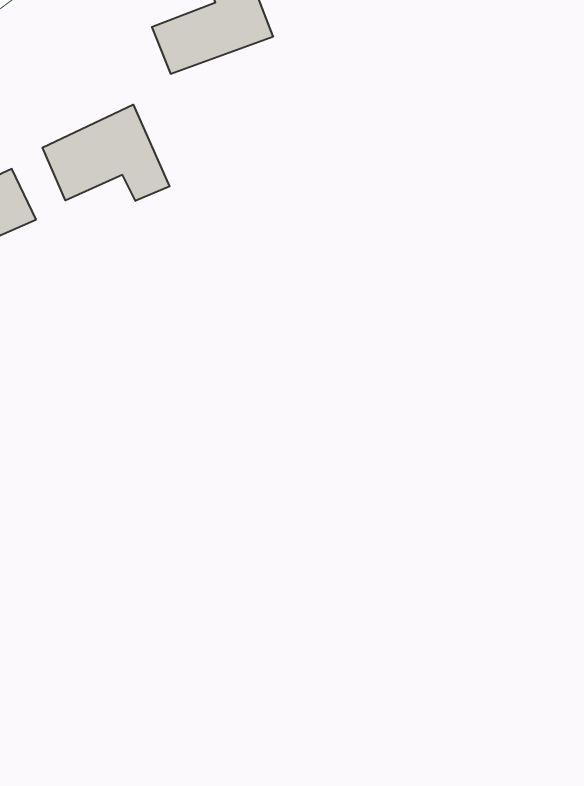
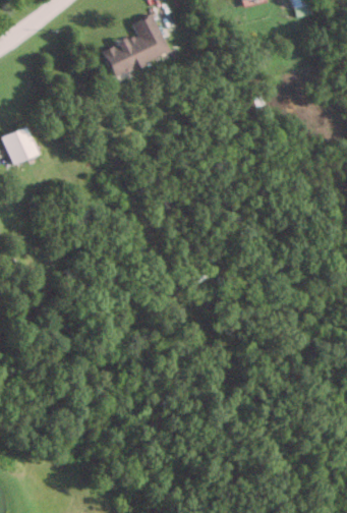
building: [43,105,170,201] -> none

